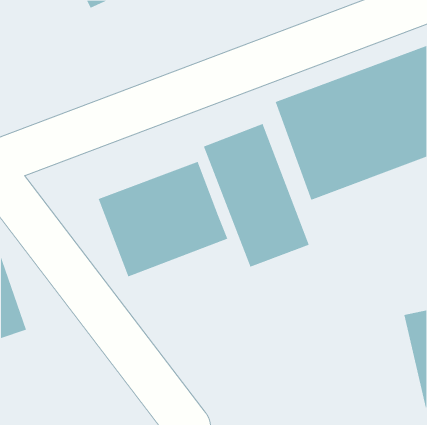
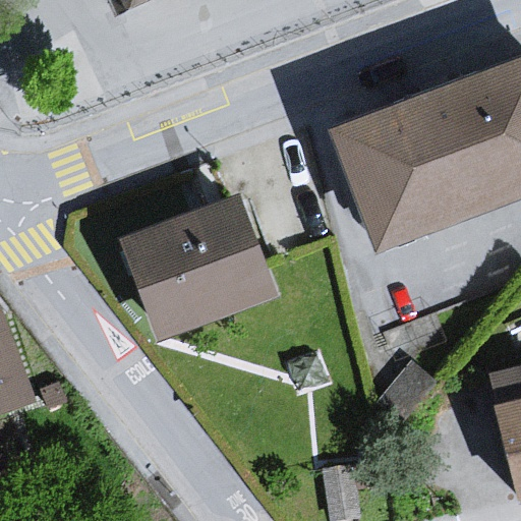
building: [203,123,310,267] -> none

